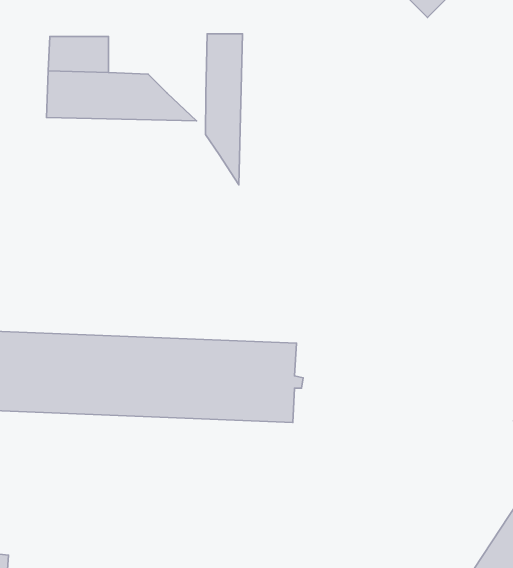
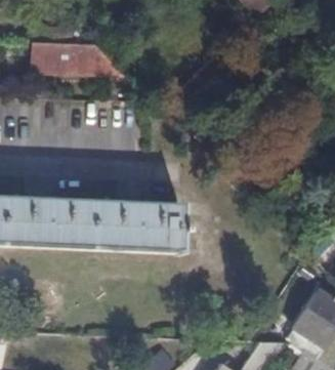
building: [206,34,242,185] -> none

